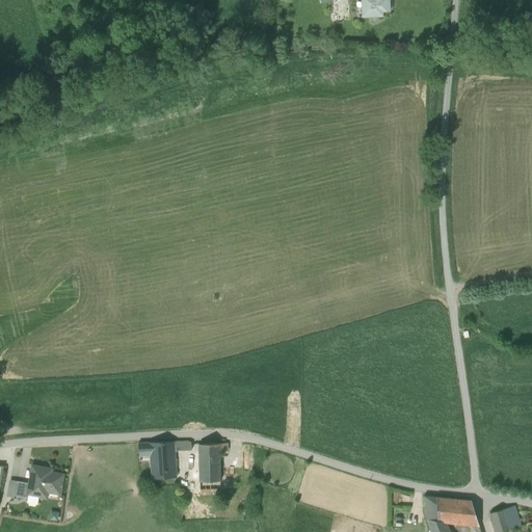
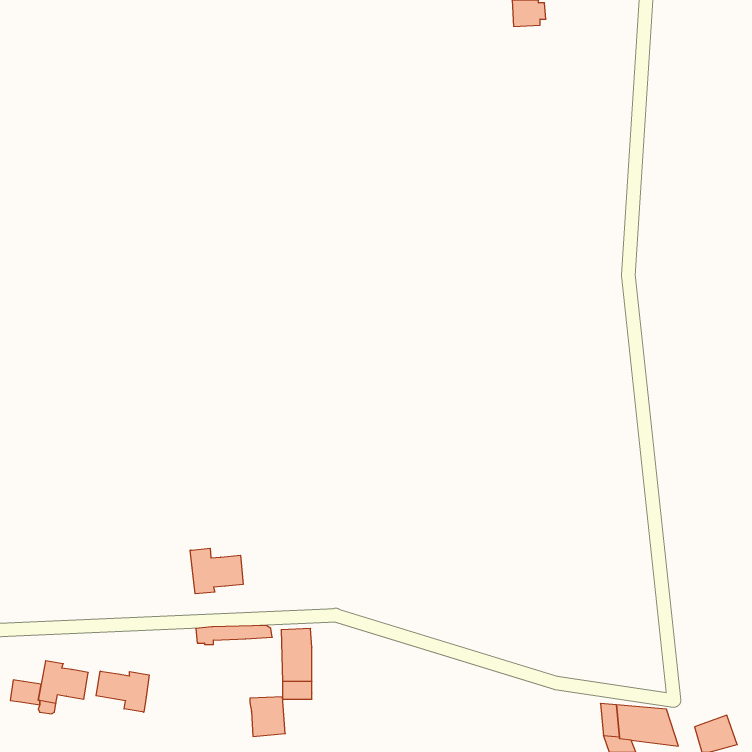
building: none -> [190,548,243,594]
building: [151,451,176,479] -> [250,697,285,736]
building: none -> [96,671,149,712]

